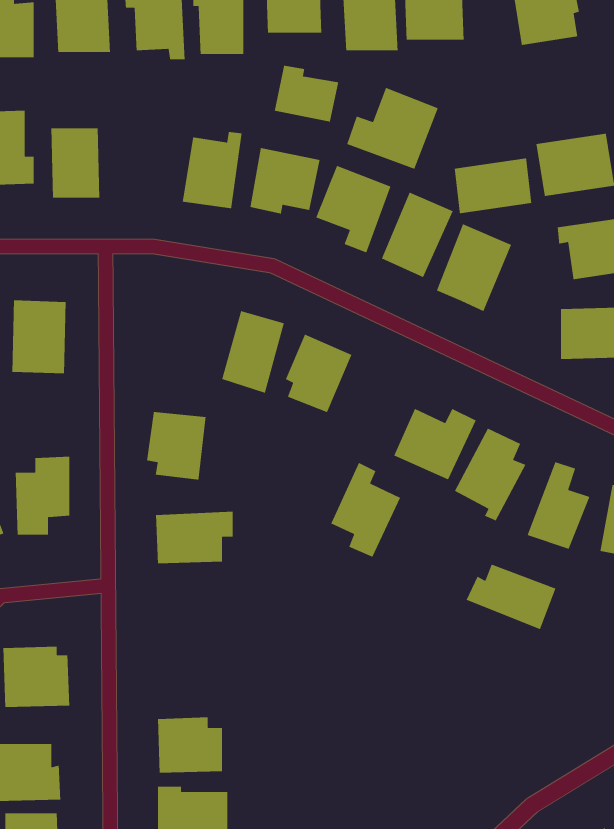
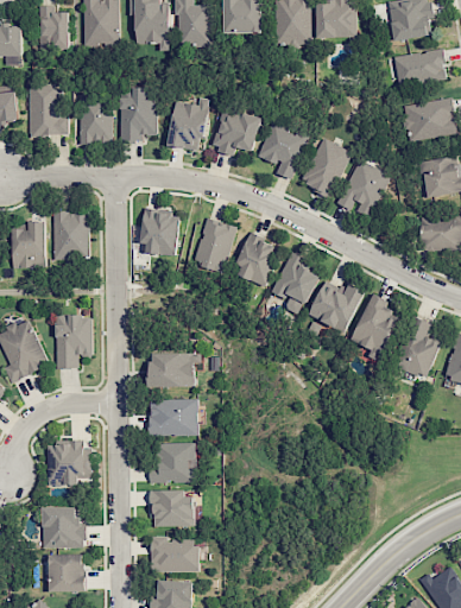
building: [274,65,339,123] -> none
building: [346,87,439,170] -> none
building: none -> [119,87,156,140]
building: [454,157,532,214] -> [393,49,446,87]
building: [146,411,206,481] -> [139,209,179,255]
building: [330,462,401,558] -> [271,251,318,315]
building: [465,563,556,630] -> none
building: none -> [149,398,198,436]
building: none -> [147,441,195,482]

